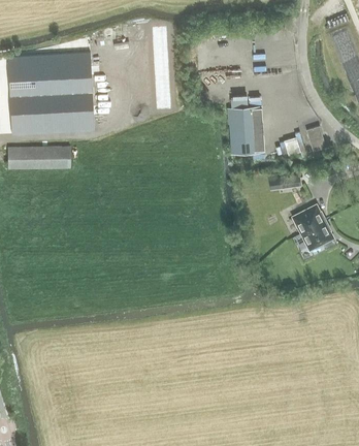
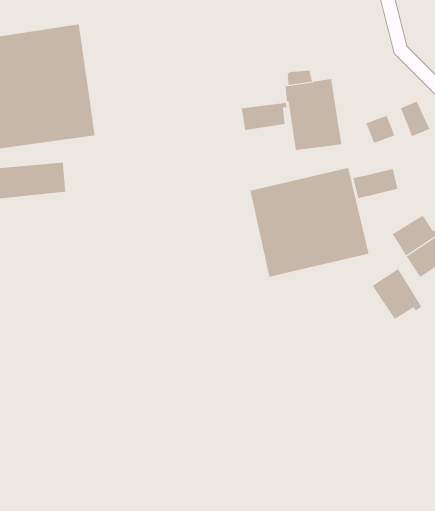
building: none -> [241,102,287,131]
building: none -> [250,167,369,278]
building: none -> [372,268,422,320]

